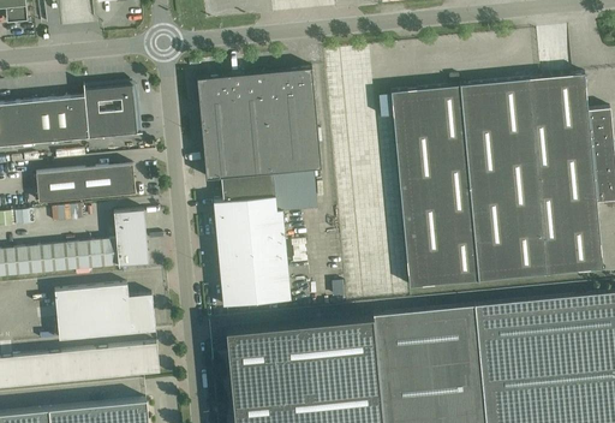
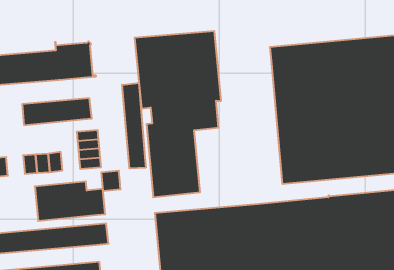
building: none -> [122,83,146,168]
building: [91,240,119,269] -> [101,171,121,191]
building: [13,248,40,276] -> none

